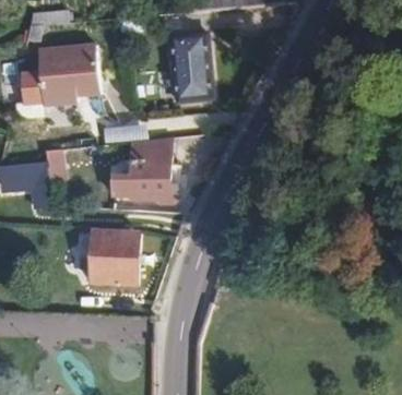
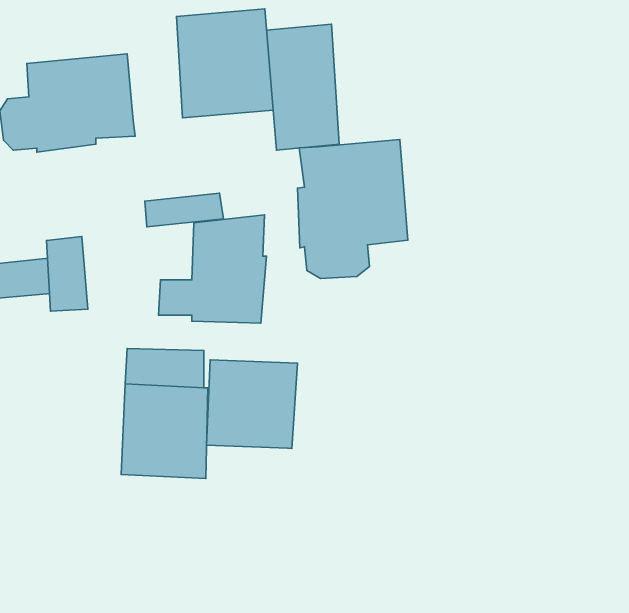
building: none -> [176,9,273,118]
building: none -> [297,139,408,278]
building: none -> [206,360,298,449]

